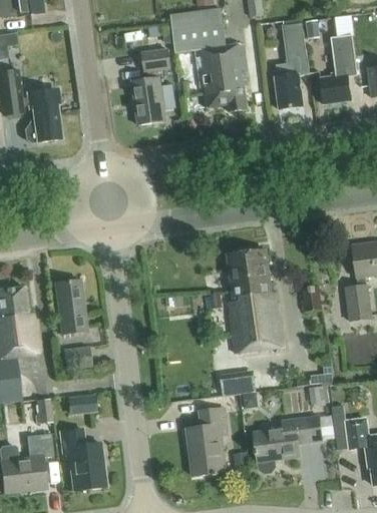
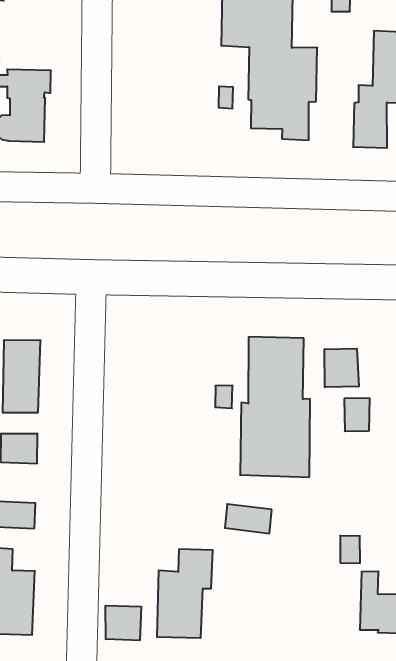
building: [131,47,170,123] -> none
building: none -> [325,349,359,387]
building: [255,416,334,473] -> none
building: none -> [106,606,141,640]

